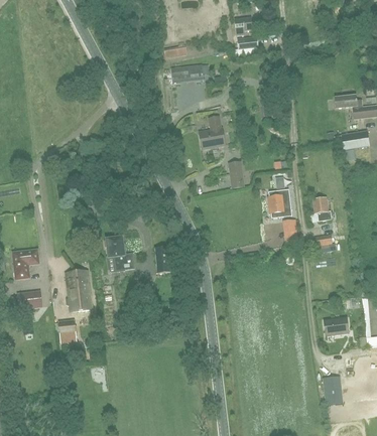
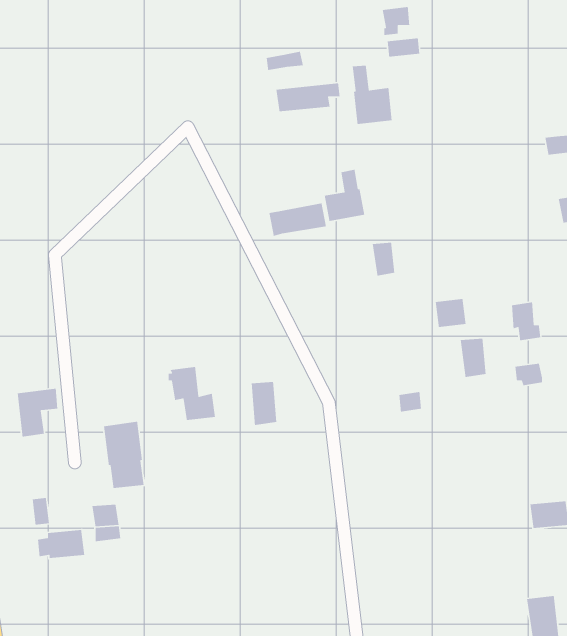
building: none -> [352,65,393,125]
building: none -> [268,202,327,237]
building: [12,290,41,308] -> [37,529,85,559]

